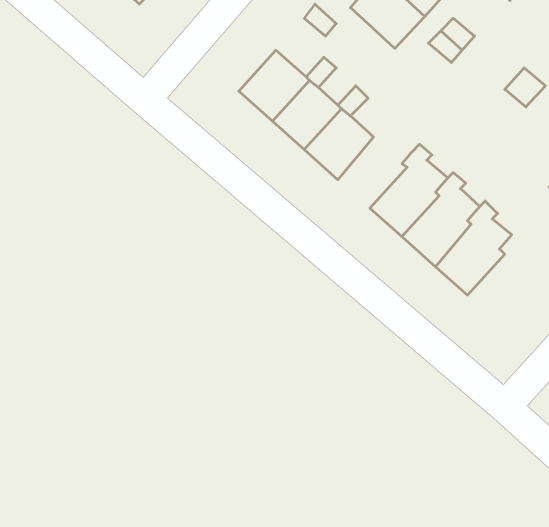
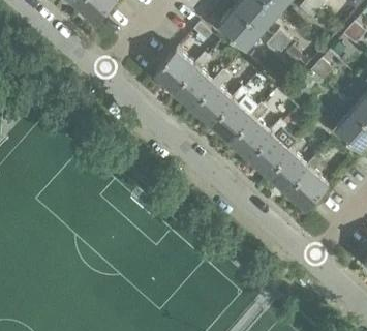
building: none -> [211,89,253,143]
building: none -> [286,155,328,211]

